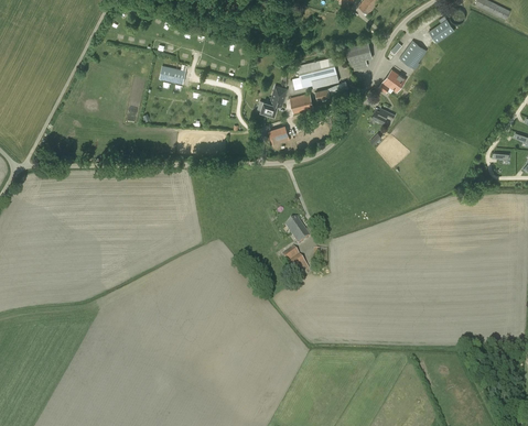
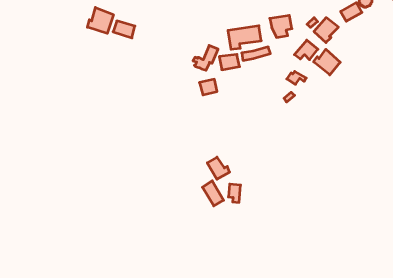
building: none -> [87,7,113,33]
building: none -> [314,49,340,75]

